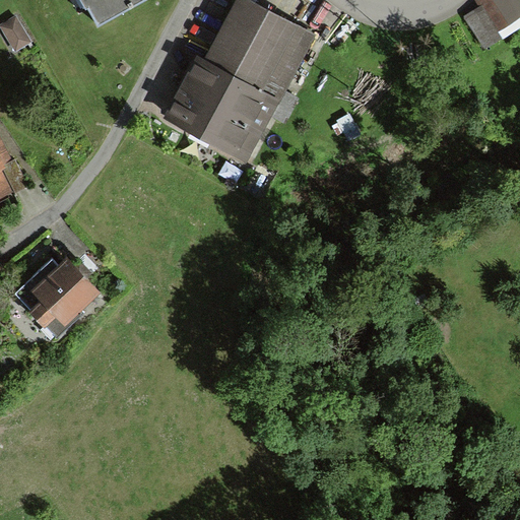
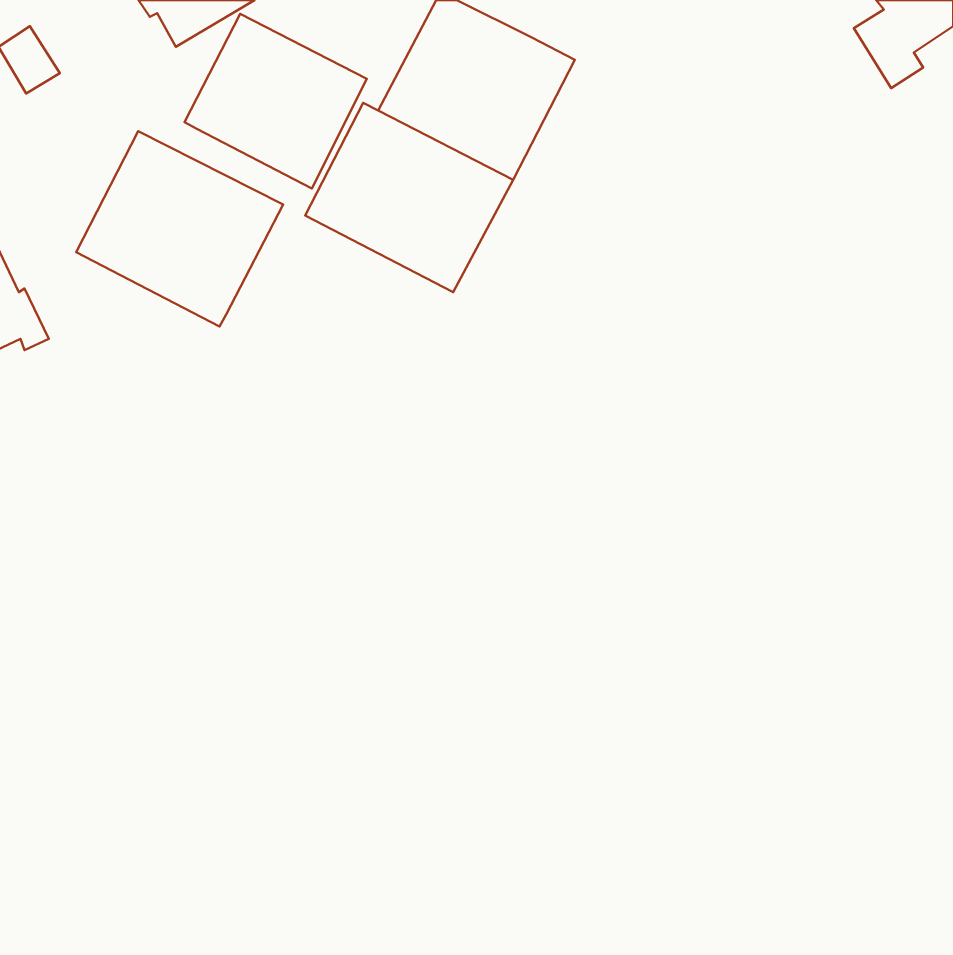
building: none -> [184,14,367,189]
building: none -> [76,131,283,326]
building: [12,254,98,336] -> none

